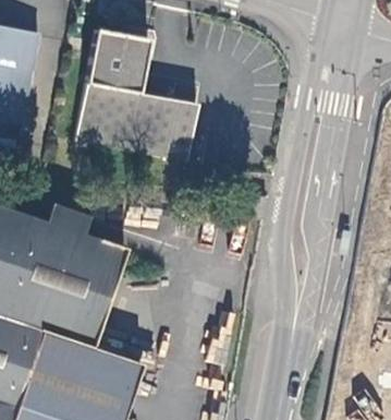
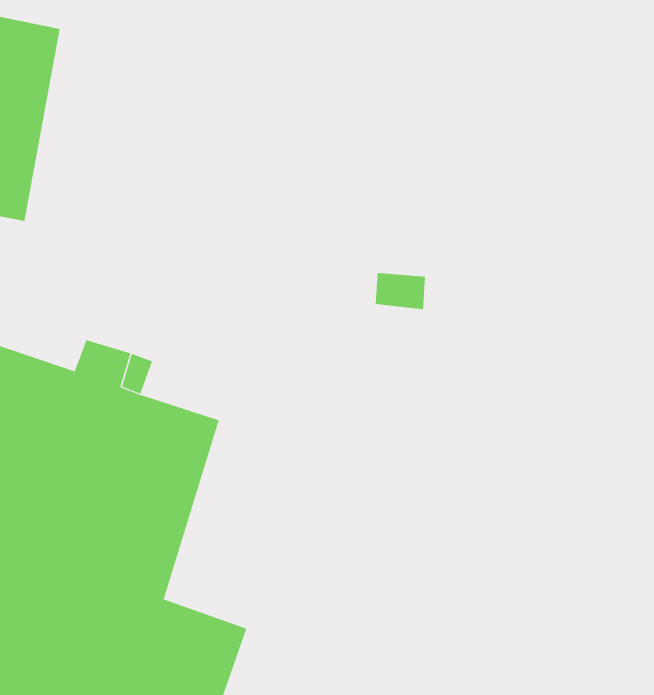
building: [75,29,198,159] -> none

